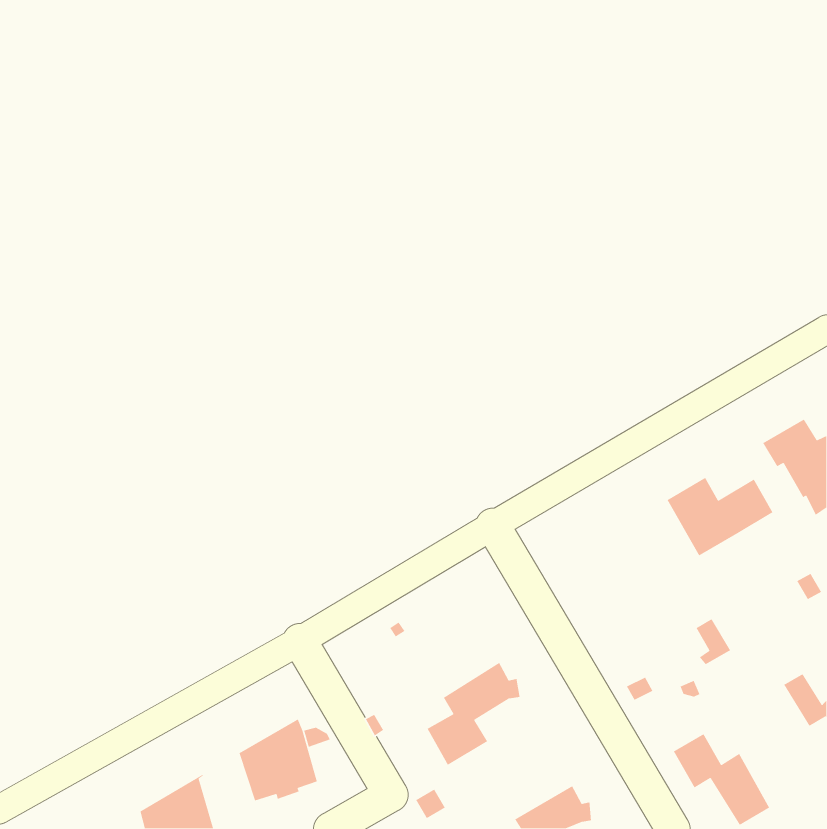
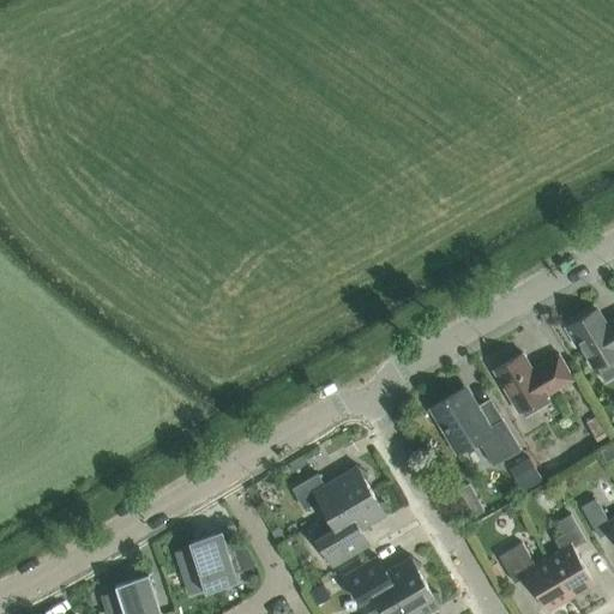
building: none -> [432,389,519,465]
building: none -> [291,464,369,516]
building: none -> [547,514,594,597]
building: none -> [345,555,423,606]

